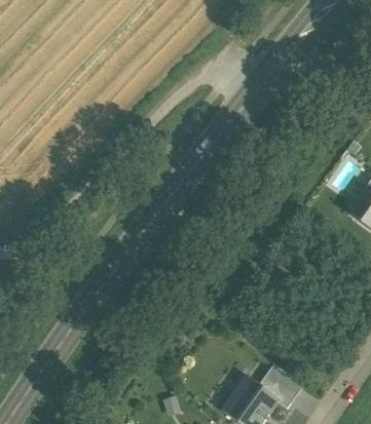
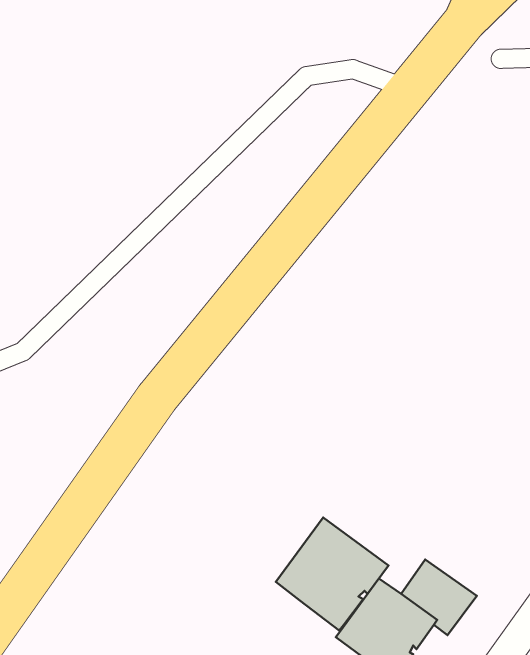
building: none -> [276,518,388,630]

